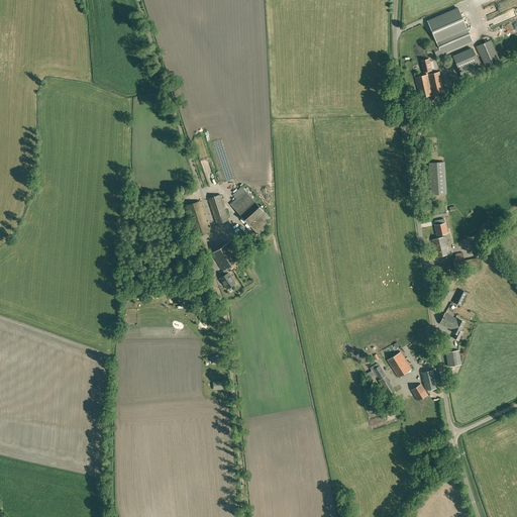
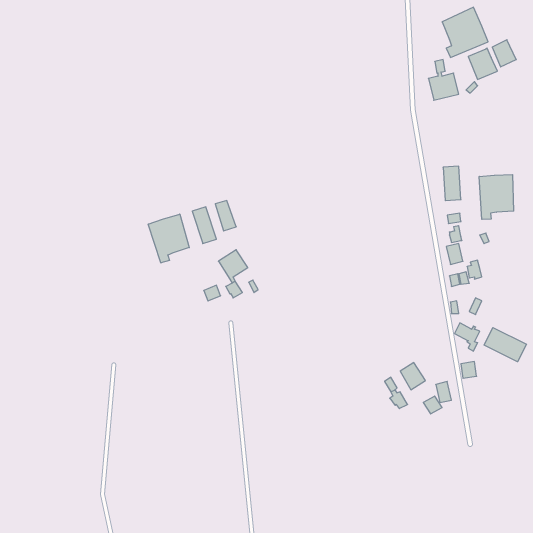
building: none -> [479,175,514,219]
building: [231,191,270,234] -> none
building: none -> [148,214,189,263]
building: none -> [484,328,526,362]

